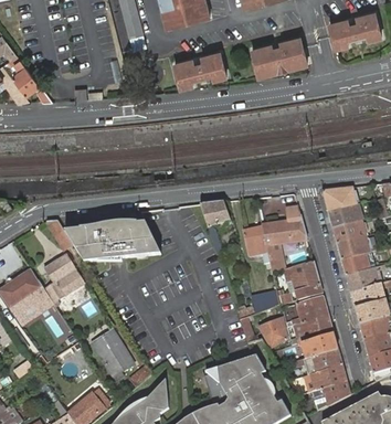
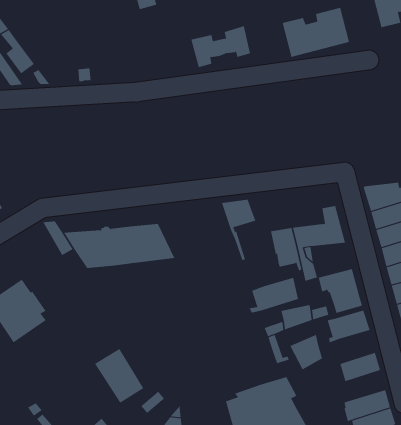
building: [43,254,84,306] -> none
building: [289,314,332,344] -> [249,277,299,313]
building: [292,348,341,374] -> none

